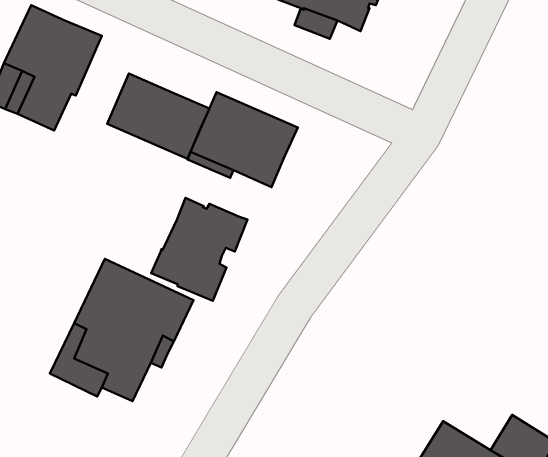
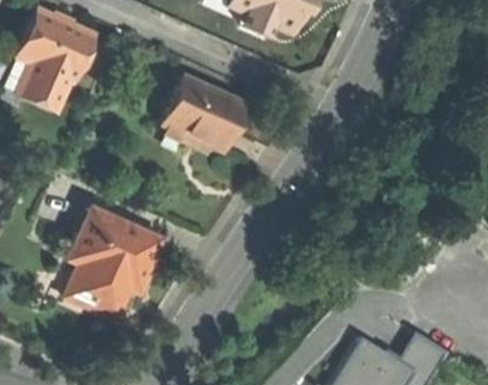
building: [107,74,209,159] -> none
building: [151,198,247,301] -> none

